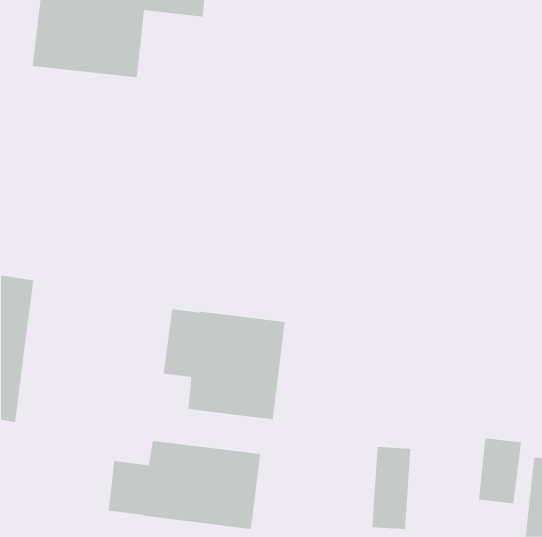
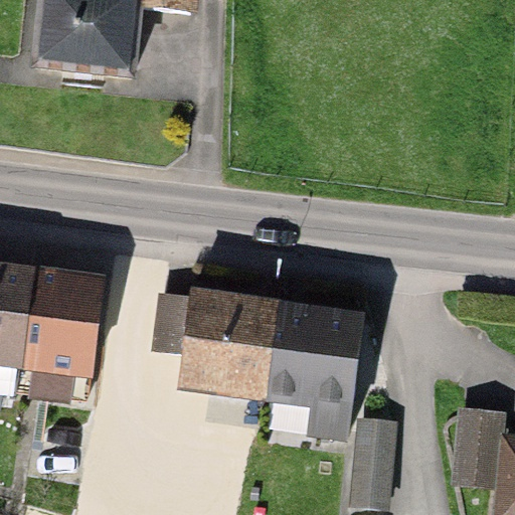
building: none -> [25,265,103,395]
building: none -> [261,304,354,433]
building: [108,440,261,530] -> none

